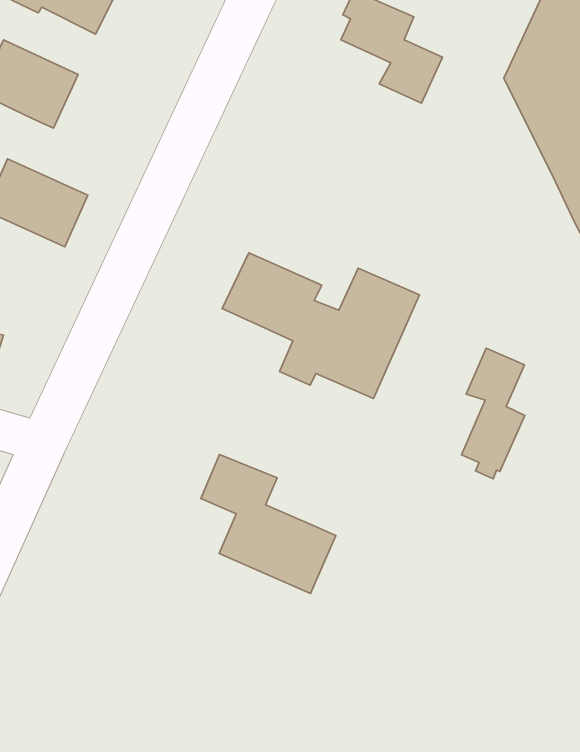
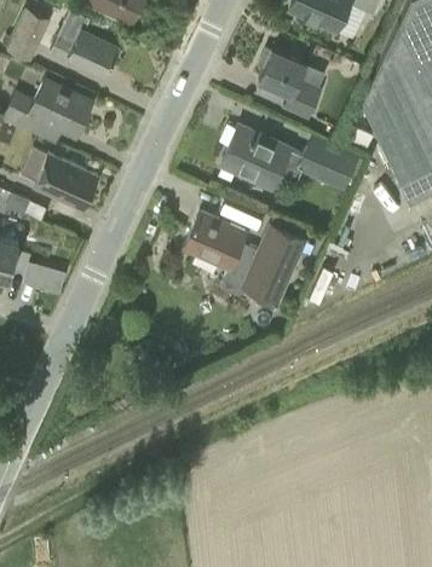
building: none -> [220,126,359,189]
building: [462,348,525,479] -> none
building: [201,454,336,594] -> none

